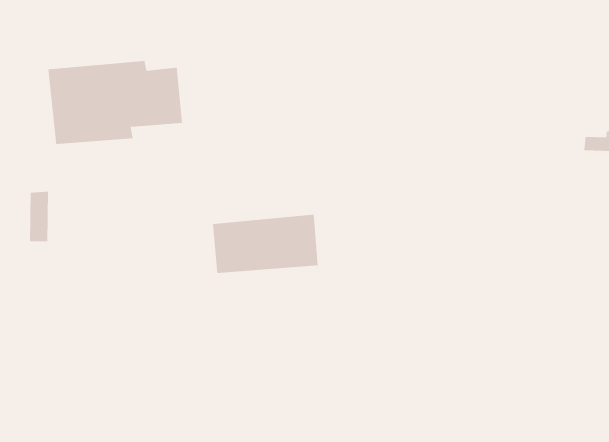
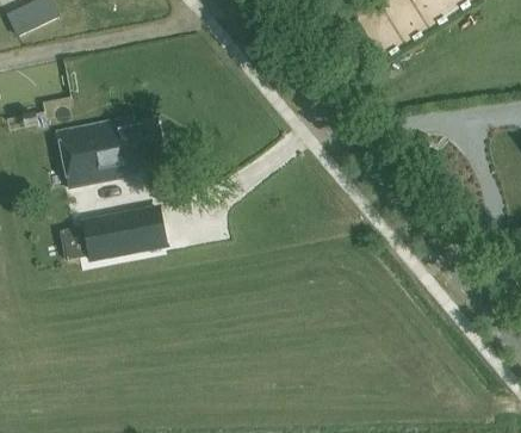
building: [212,214,319,273] -> [82,208,166,260]

